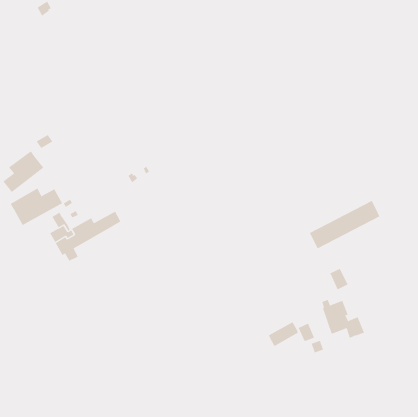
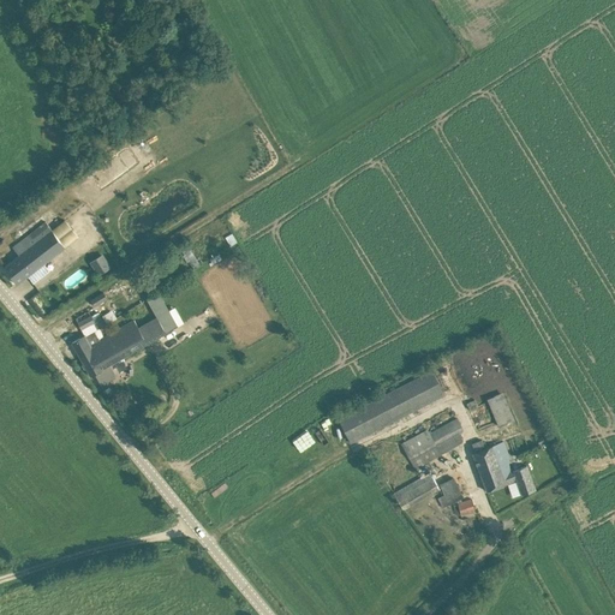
building: [10,188,63,226] -> none
building: [309,200,380,249] -> [339,371,443,443]
building: none -> [399,420,462,470]

